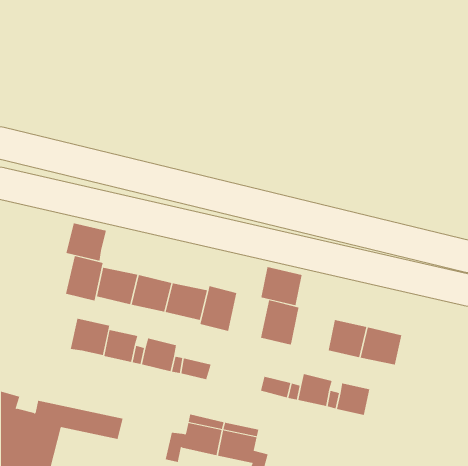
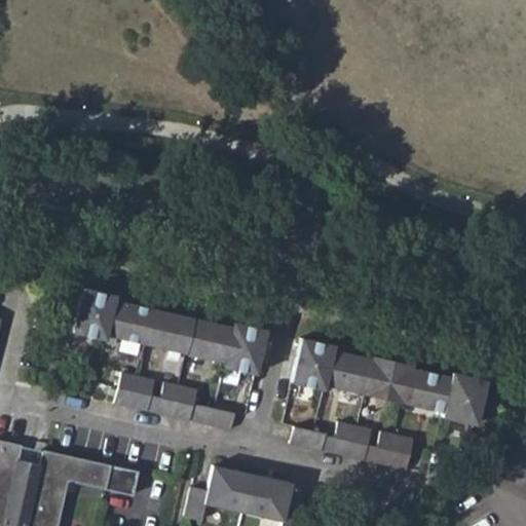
building: [66,222,107,262] -> none
building: [261,266,303,306] -> [328,351,375,396]
building: [70,318,110,356] -> none
building: none -> [443,373,486,423]

